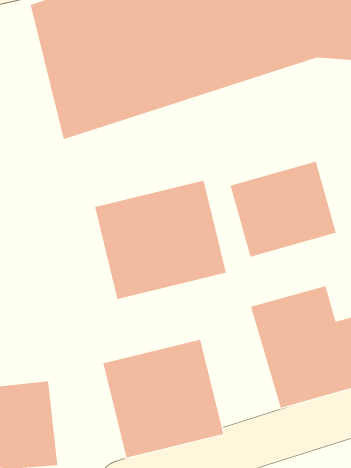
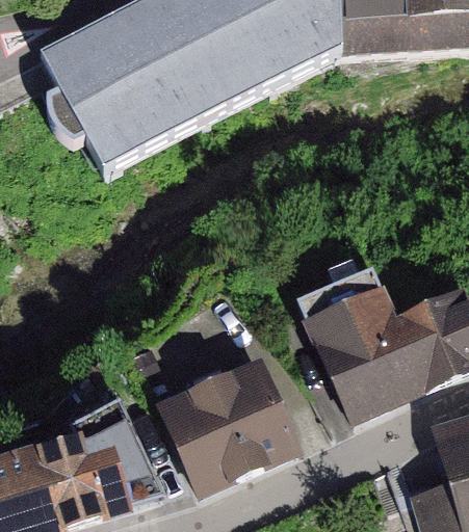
building: [230,161,337,258] -> none
building: [94,180,226,300] -> none

